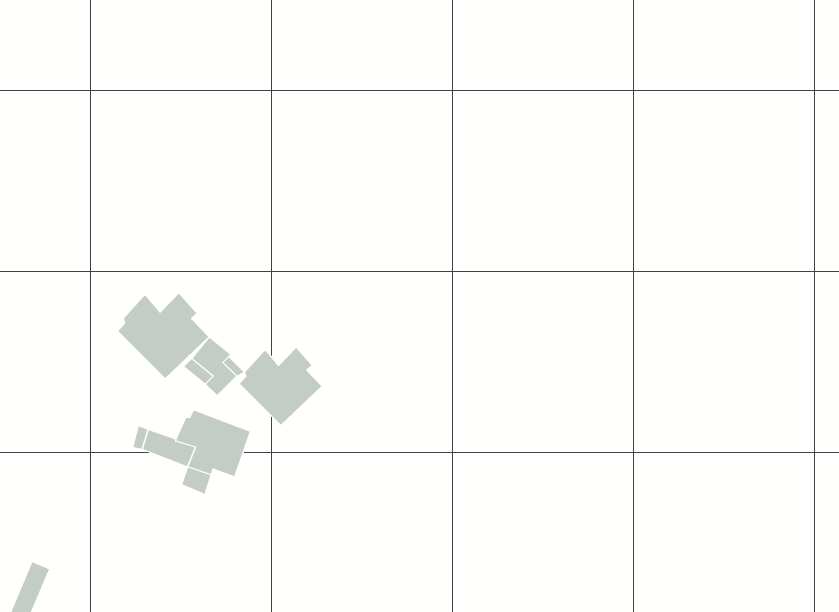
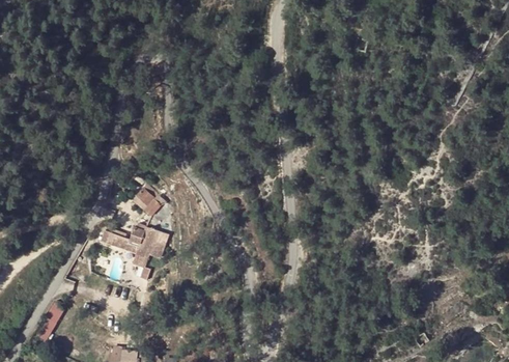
building: [118,293,209,379] -> none
building: [239,347,322,426] -> none

